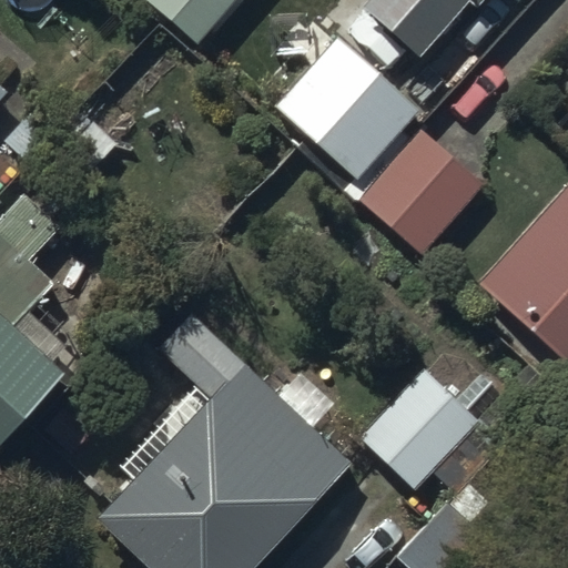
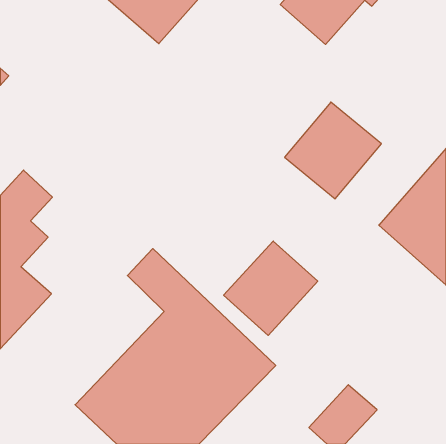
building: [275,33,419,176] -> none
building: [361,372,480,491] -> [224,241,318,335]

